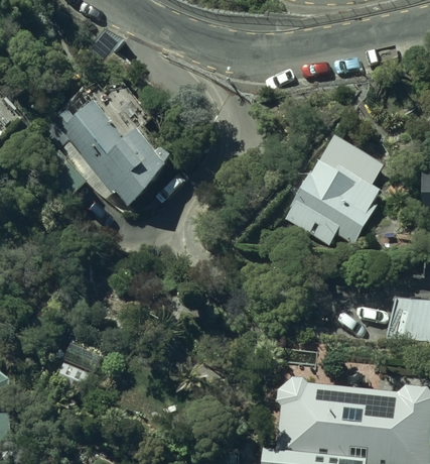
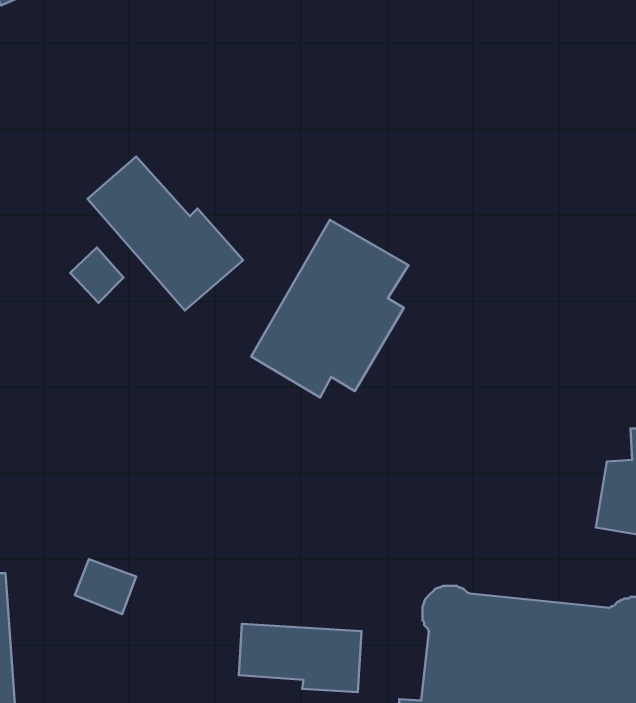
building: [282,132,383,246] -> [251,220,408,397]
building: none -> [239,624,361,692]

